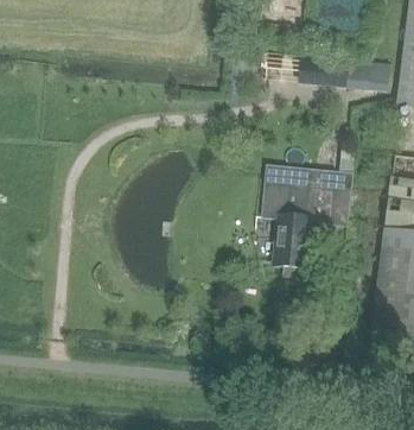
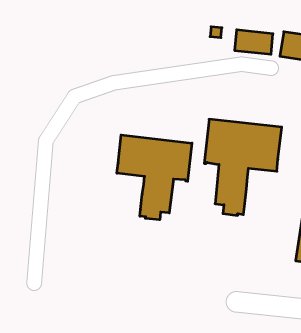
building: none -> [117,135,192,220]

